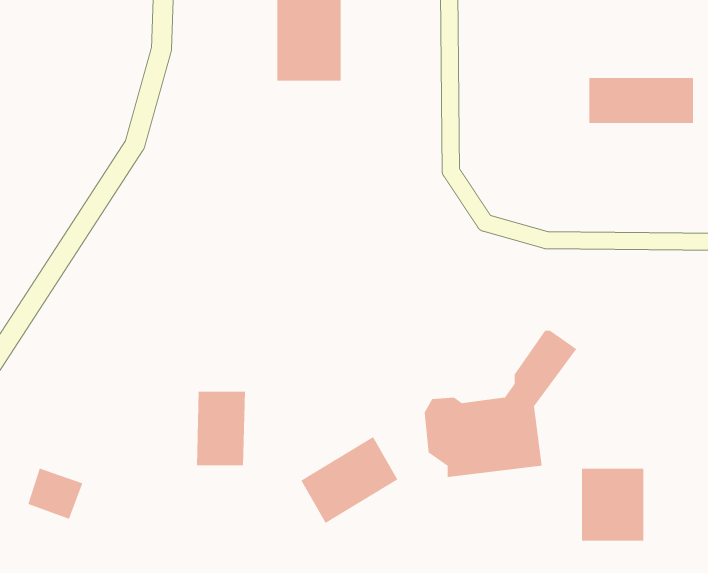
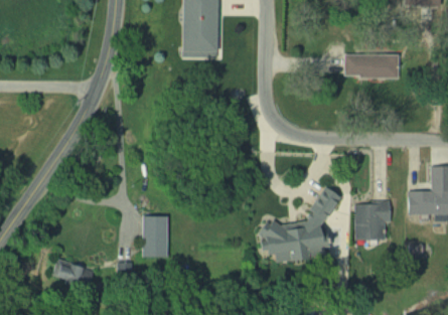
building: [301,436,398,524] -> none
building: [581,468,644,541] -> [358,202,392,241]

